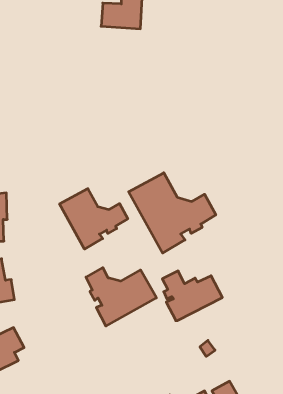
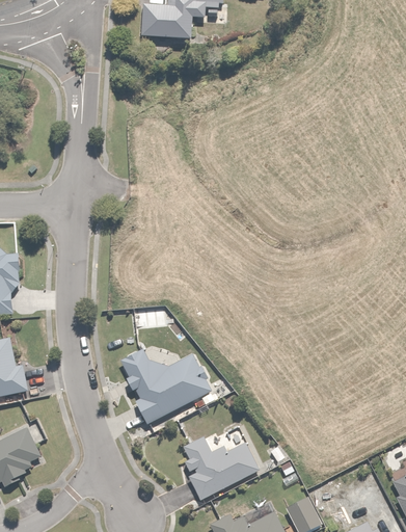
building: [129,173,216,253] -> none
building: [60,189,128,249] -> none
building: [162,271,222,321] -> [183,436,261,501]

